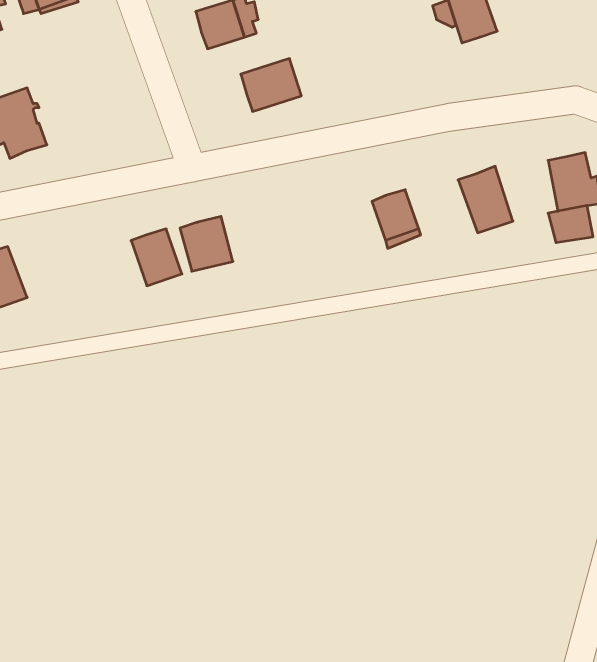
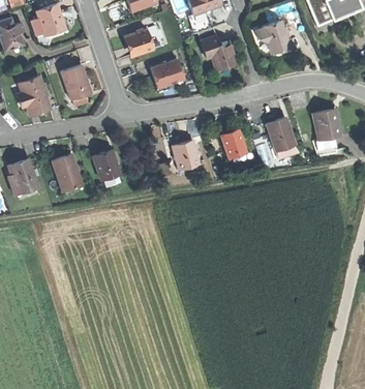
building: none -> [210,43,235,68]
building: none -> [61,64,92,100]
building: [180,216,233,271] -> [172,141,200,170]
building: none -> [52,154,82,191]

